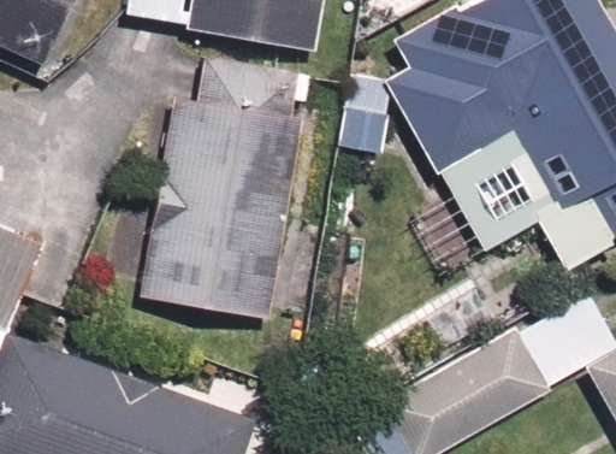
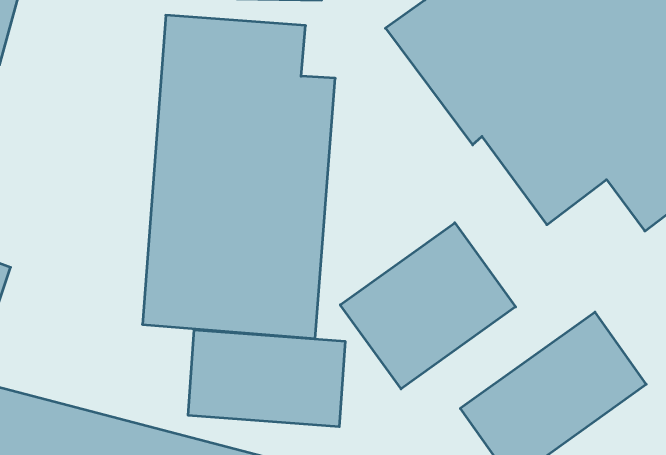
building: none -> [340,223,516,389]
building: none -> [188,330,345,427]

